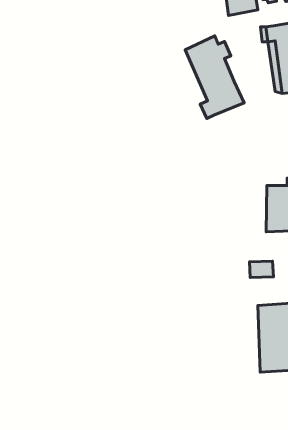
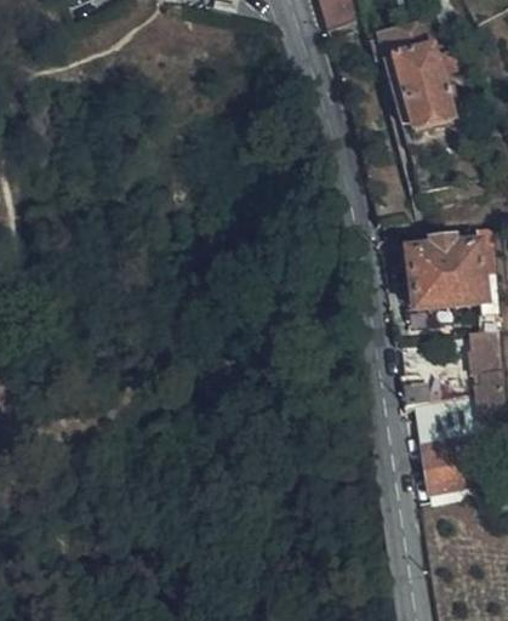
building: [185,36,244,118] -> none

